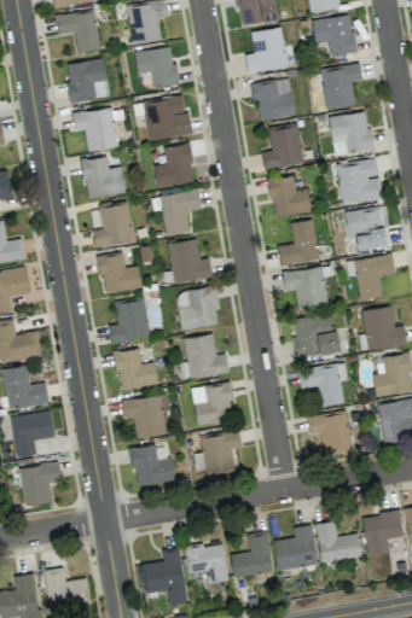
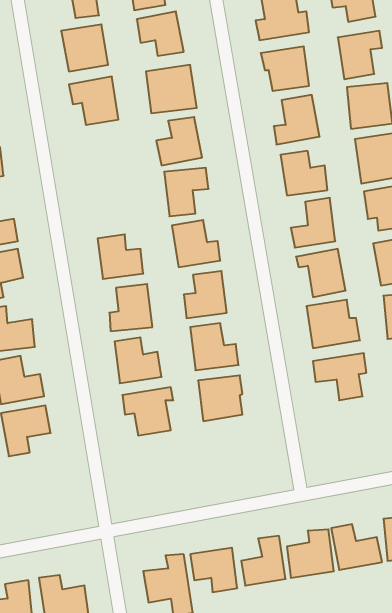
building: [82,158,126,199] -> none
building: [92,202,134,247] -> none
building: [307,412,352,451] -> none
building: [199,431,243,477] -> none
building: [132,447,174,486] -> none
building: [19,464,62,507] -> none

